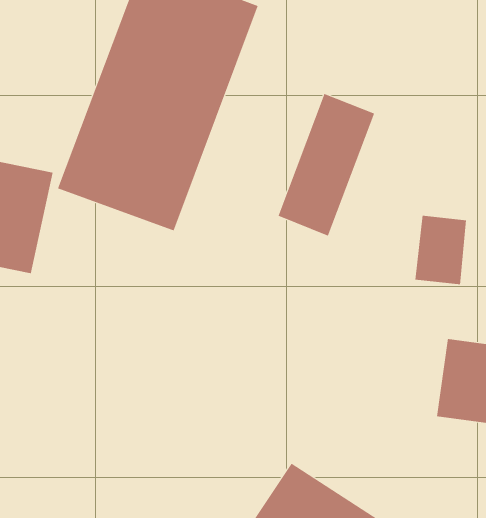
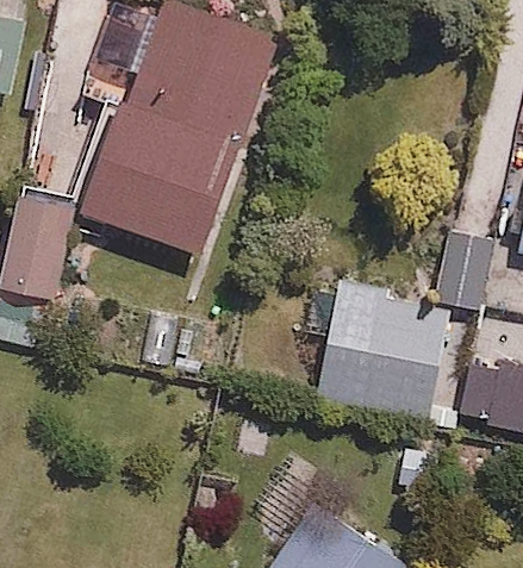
building: [278,93,375,236] -> none
building: none -> [315,300,446,410]

